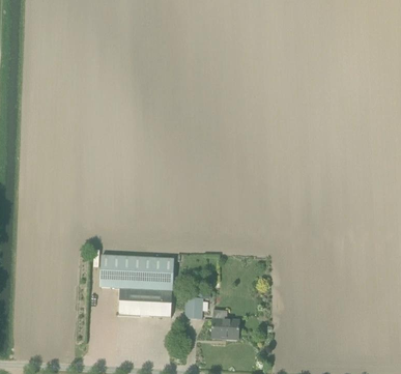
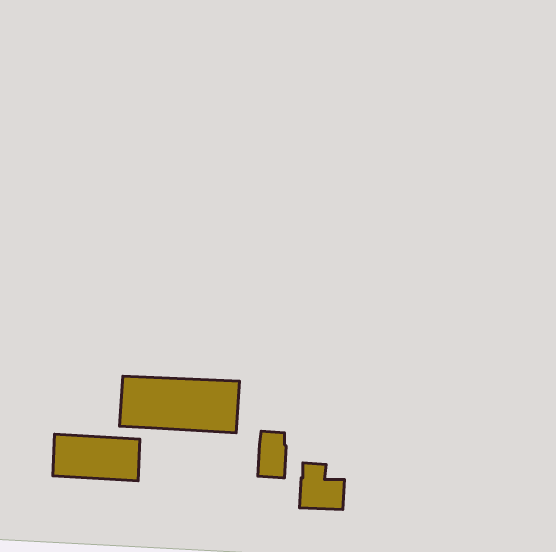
building: [118,288,172,317] -> [53,434,140,481]

